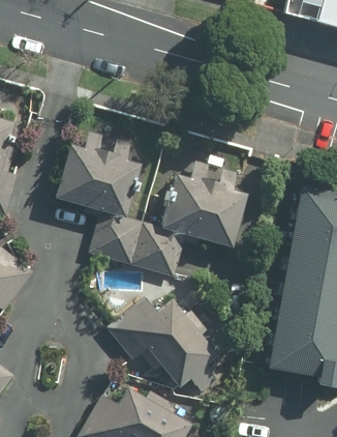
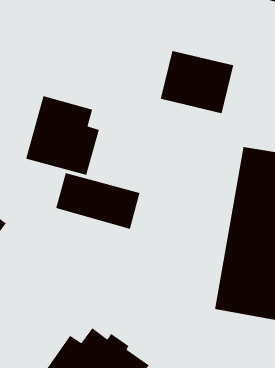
building: [162,174,245,245] -> [160,50,234,114]
building: [105,296,216,388] -> none

